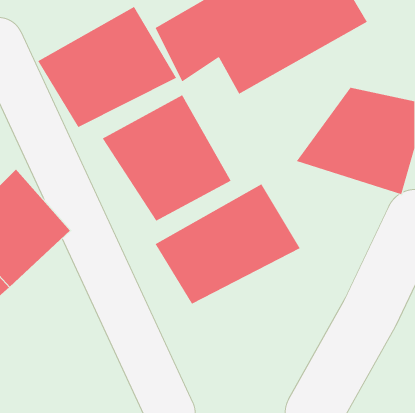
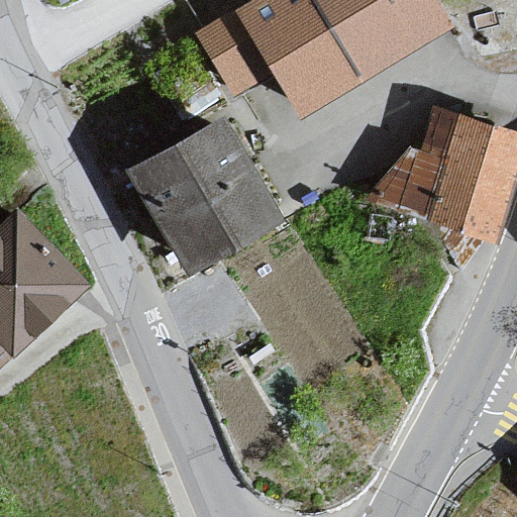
building: [38,6,177,128] -> none
building: [155,183,300,304] -> none

